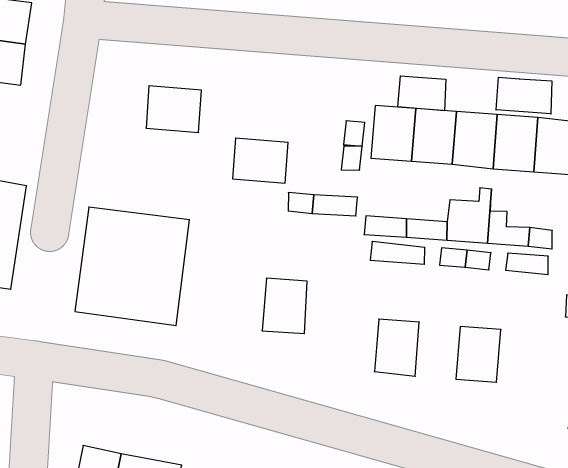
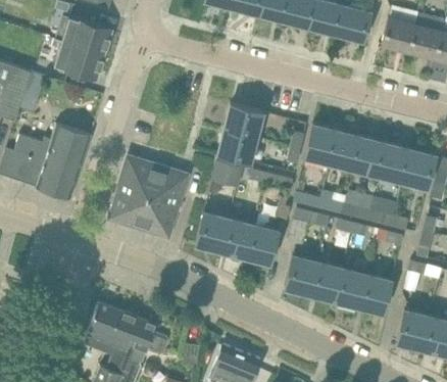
building: [398,76,446,111] -> none
building: [496,77,552,114] -> none
building: [146,86,201,132] -> [225,104,262,138]
building: none -> [209,160,244,194]
building: none -> [196,212,229,250]
building: none -> [246,225,279,262]
building: none -> [309,261,342,300]
building: none -> [358,275,392,313]

